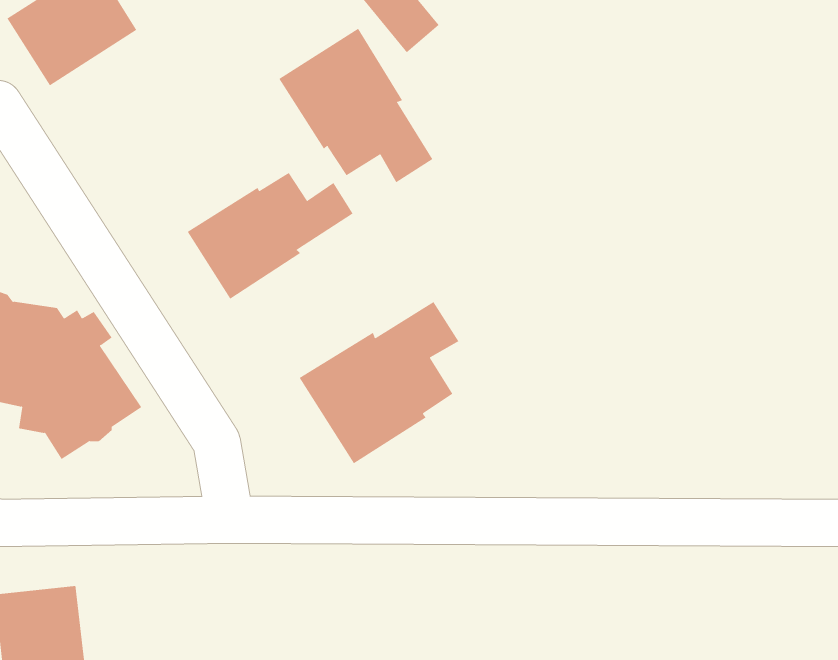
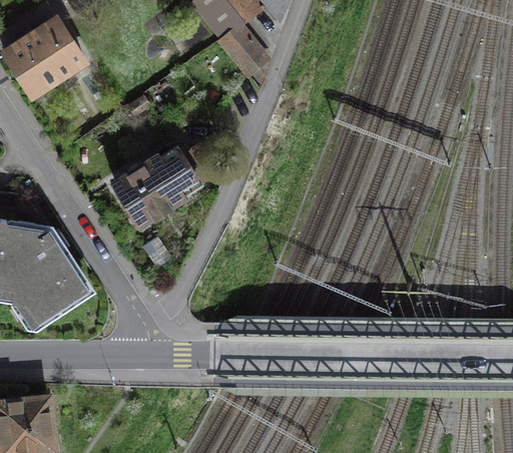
building: [278,28,433,183] -> none
building: [299,301,459,464] -> none

